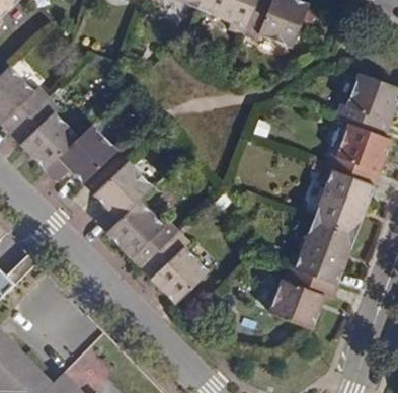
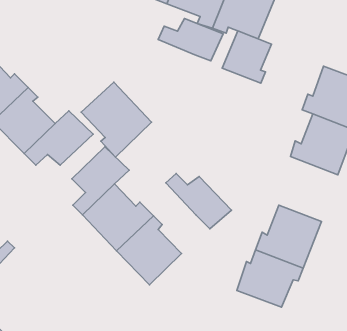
building: none -> [158,18,223,61]
building: none -> [222,31,271,83]
building: none -> [81,82,151,157]
building: [310,169,372,237] -> none
building: none -> [166,173,232,229]

